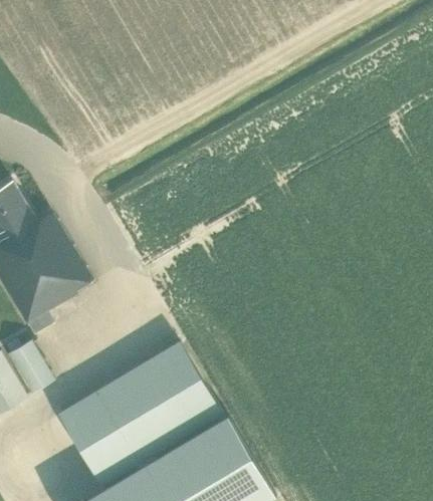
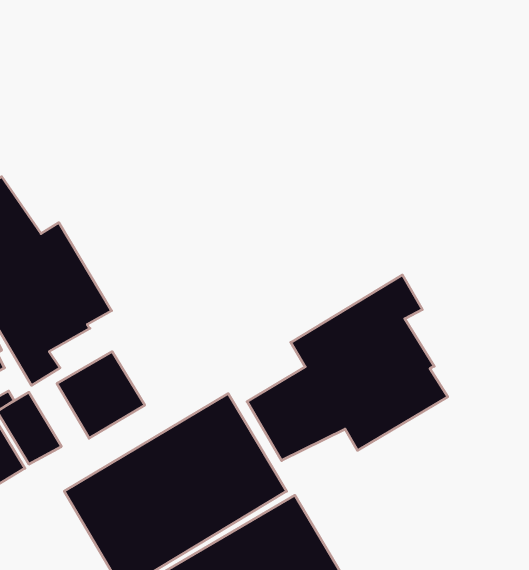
building: none -> [247,275,448,461]
building: none -> [57,352,145,438]

